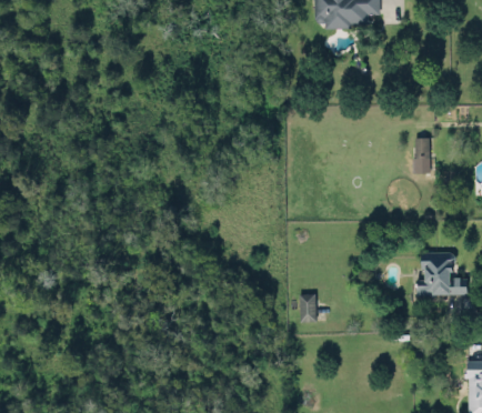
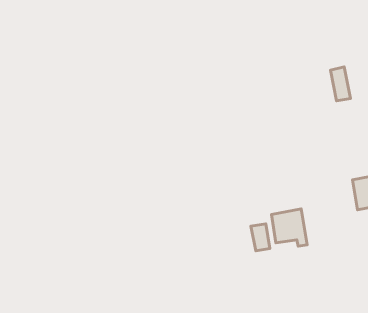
building: none -> [271,209,307,246]

